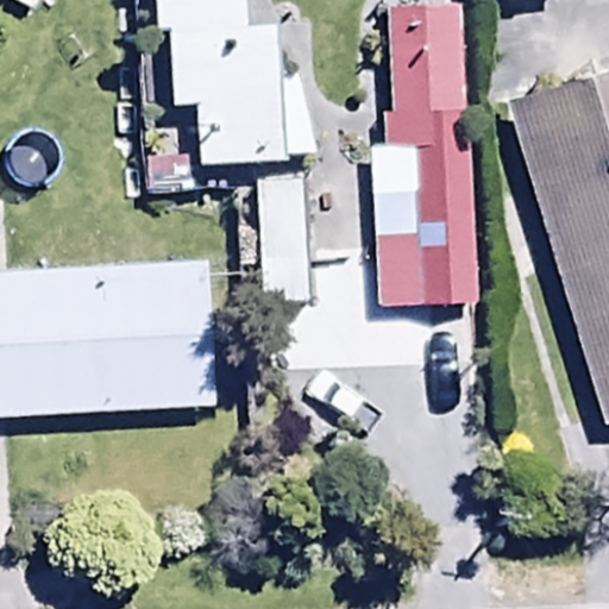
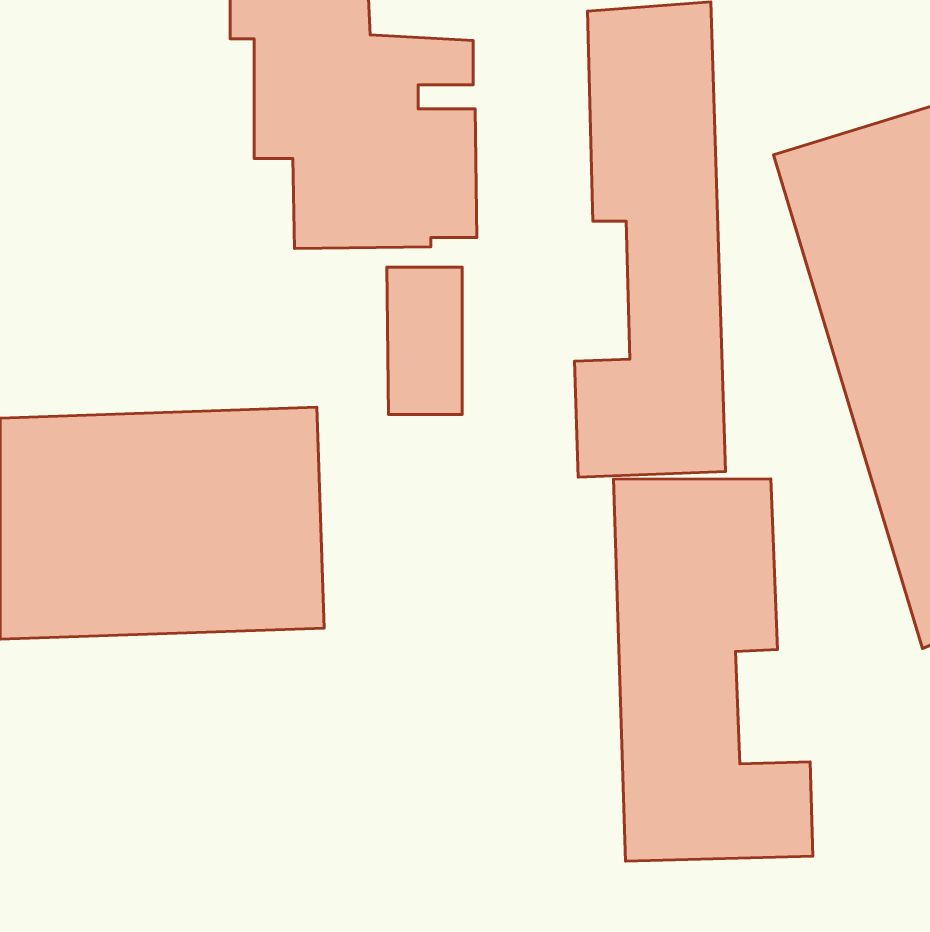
building: none -> [614,479,813,861]

